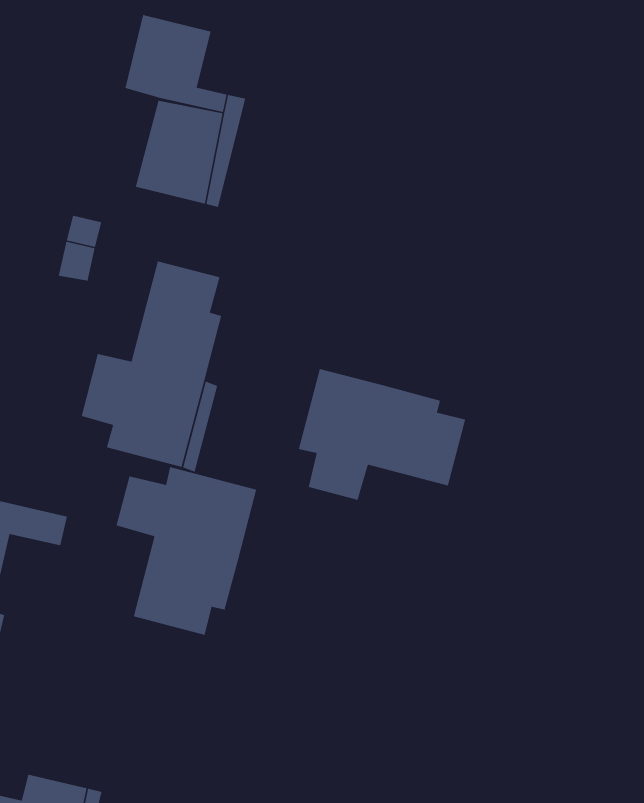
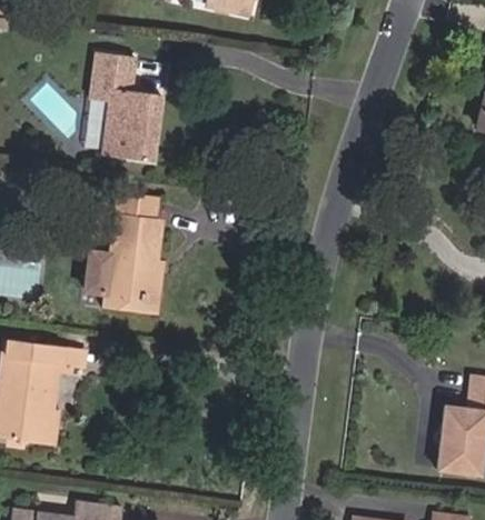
building: [298,368,466,501] -> none
building: [116,466,257,636] -> none

